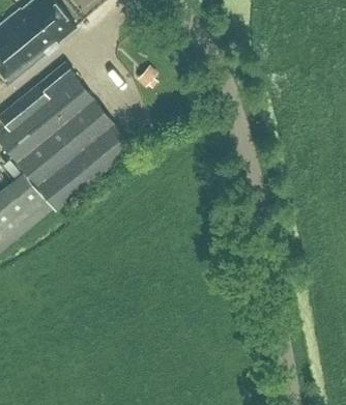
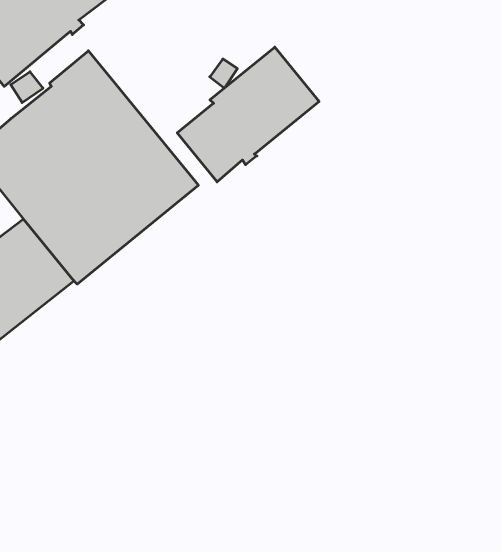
building: none -> [177,47,319,182]

